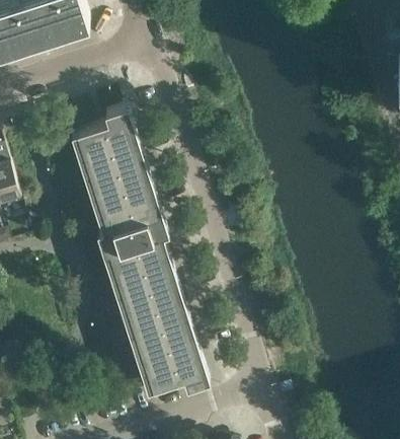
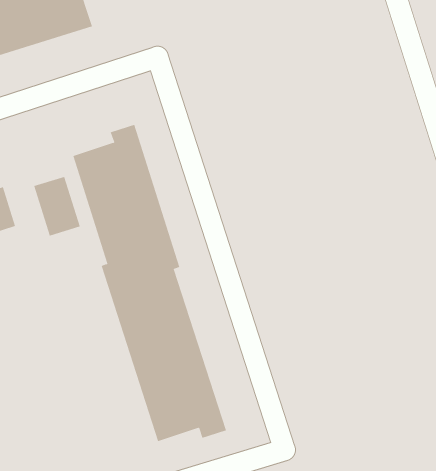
building: none -> [34,176,80,237]

